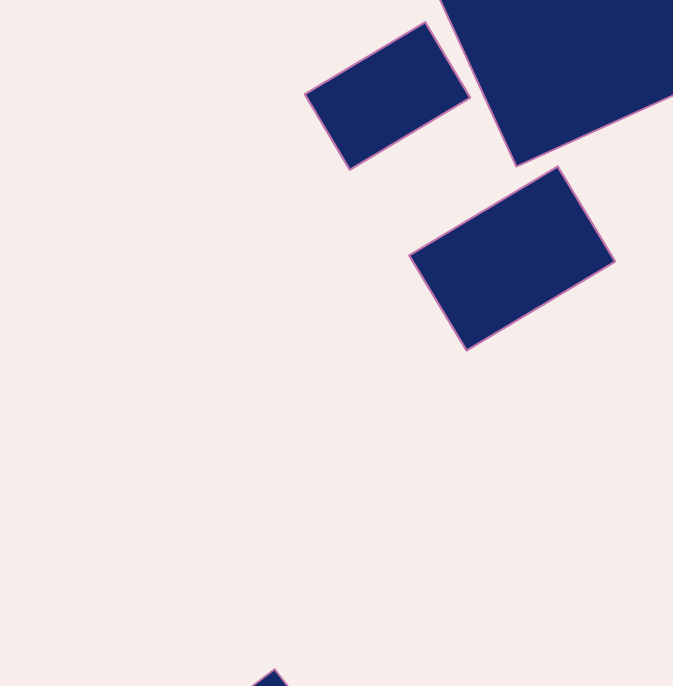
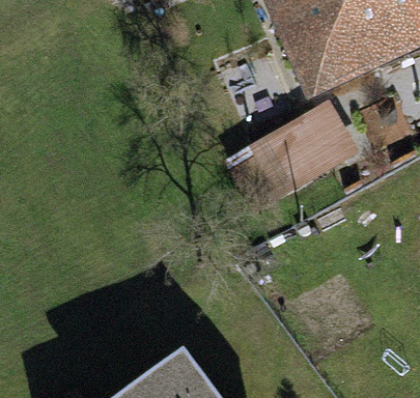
building: [305,22,470,170] -> none

